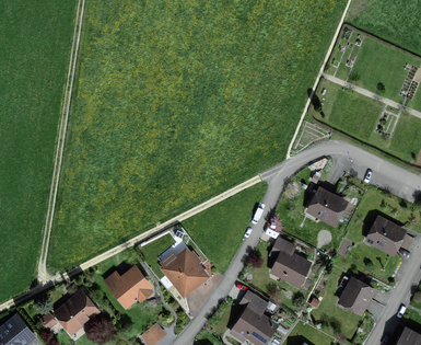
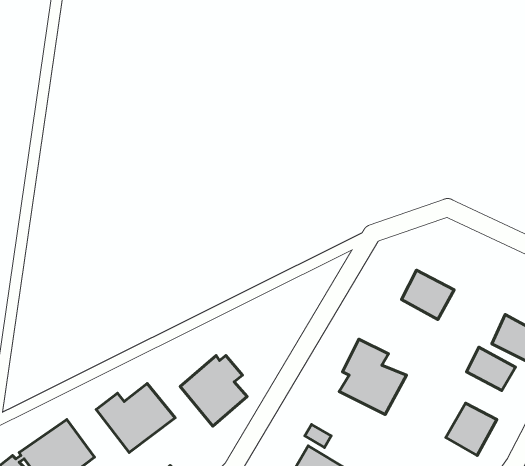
building: none -> [466,347,515,391]

